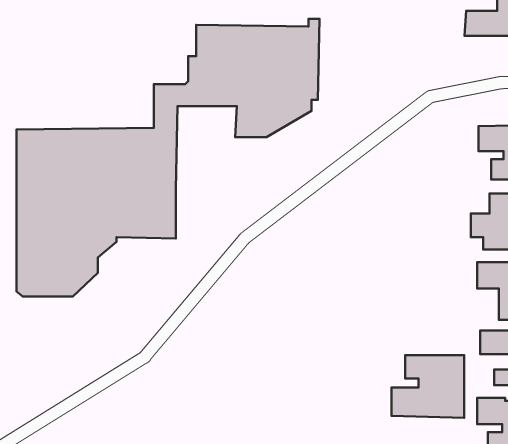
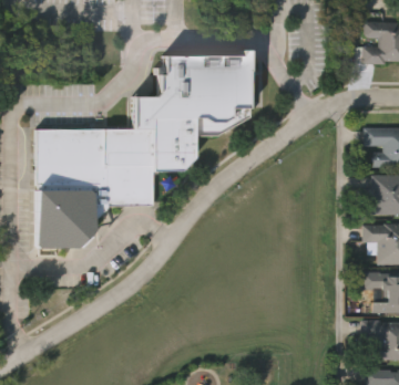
building: none -> [151,113,194,173]
building: [392,355,464,418] -> none

